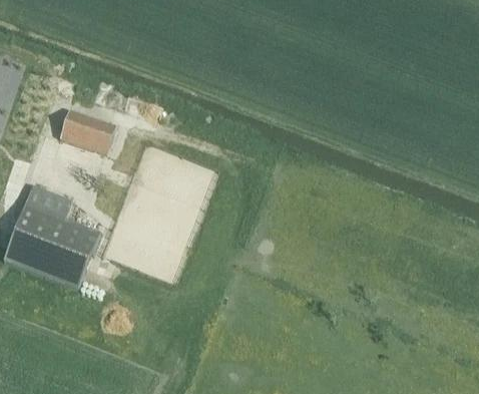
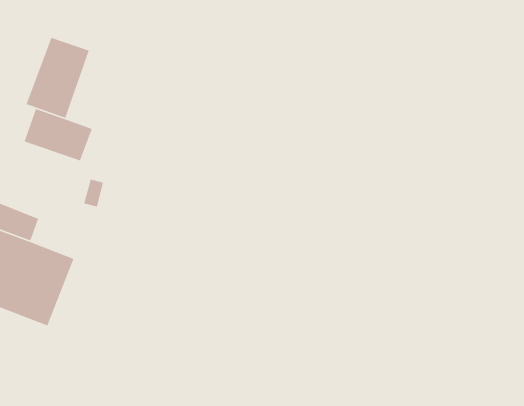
building: none -> [26,37,90,119]

